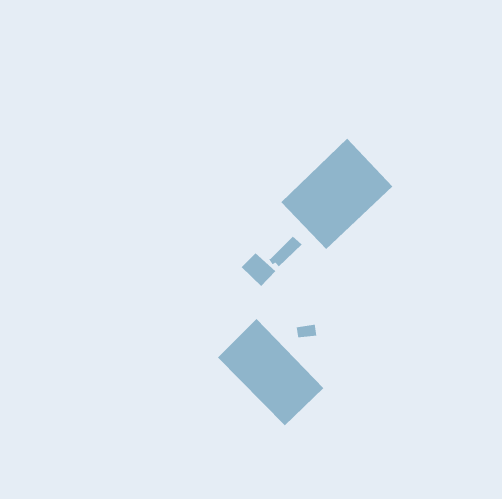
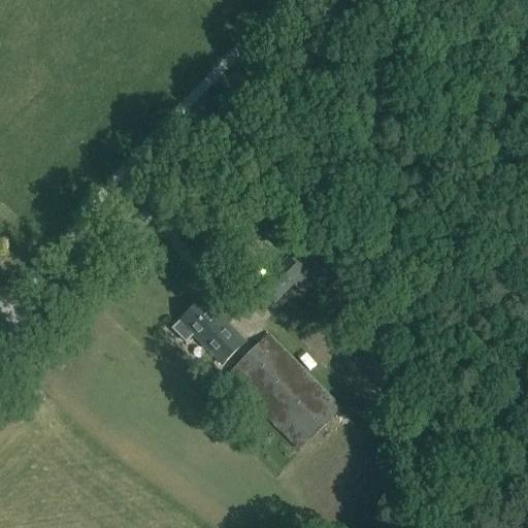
building: [280,138,393,250] -> none
building: none -> [179,299,244,362]

